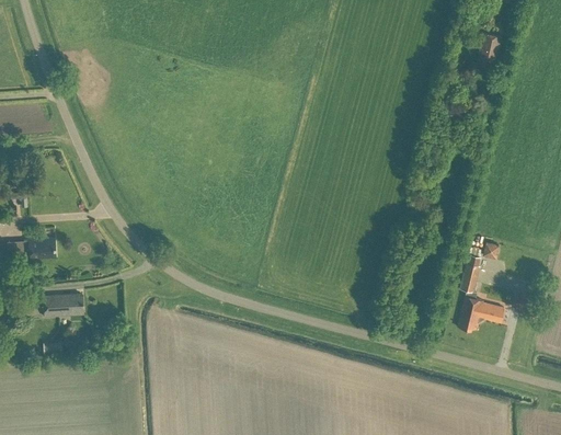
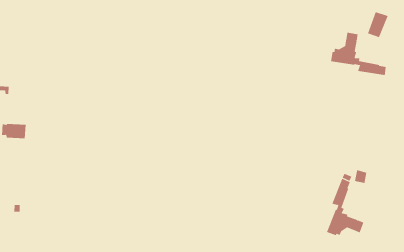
building: none -> [330,32,387,76]
building: [43,294,84,317] -> none

